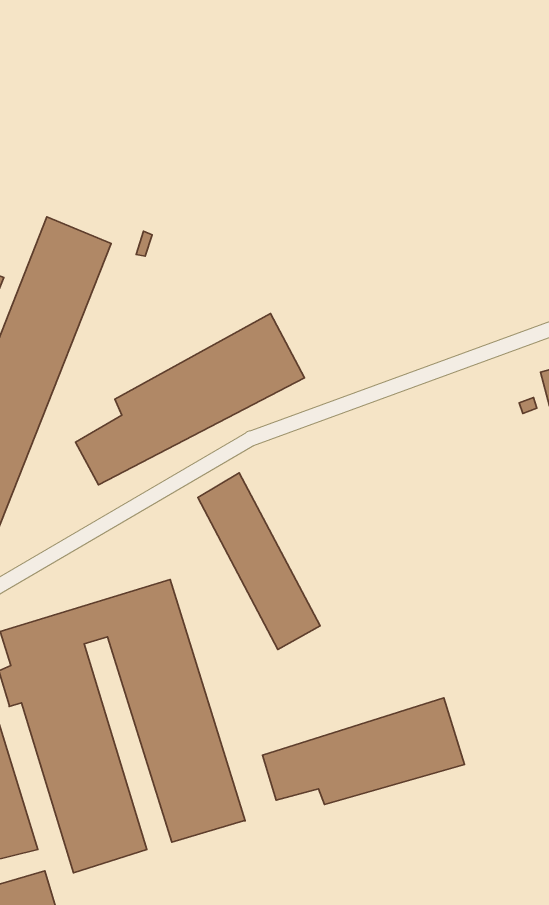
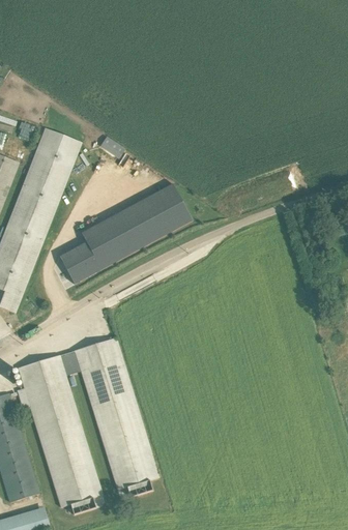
building: [198,473,320,649] -> none
building: [262,698,465,805] -> none

